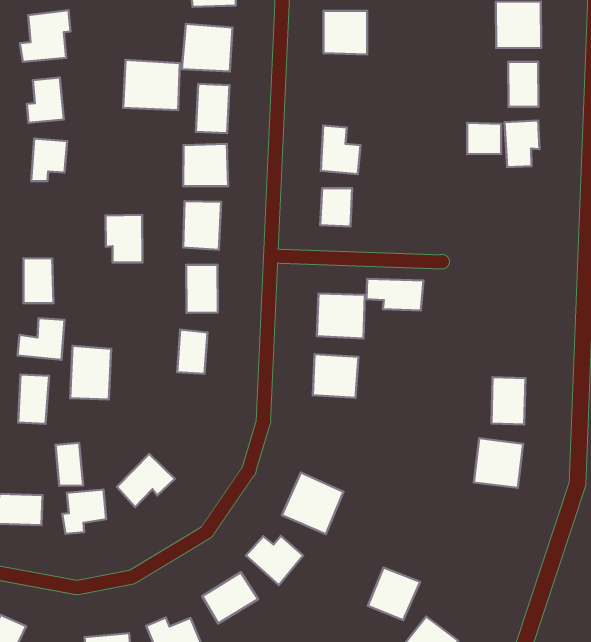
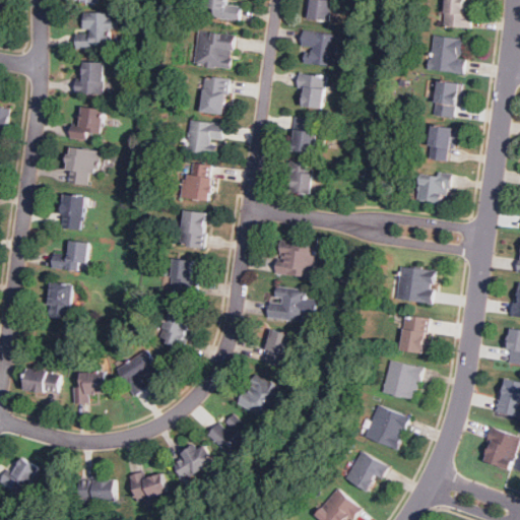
building: [123,60,180,110] -> none
building: none -> [296,74,323,107]
building: [467,123,501,154] -> [417,176,445,201]
building: [105,215,143,263] -> [64,147,93,185]
building: [367,279,423,311] -> none
building: none -> [395,266,435,303]
building: [70,346,111,400] -> none
building: none -> [157,308,190,346]
building: none -> [259,328,291,368]
building: [55,443,83,486] -> none
building: none -> [364,405,407,448]
building: [368,568,420,620] -> [344,451,385,492]

